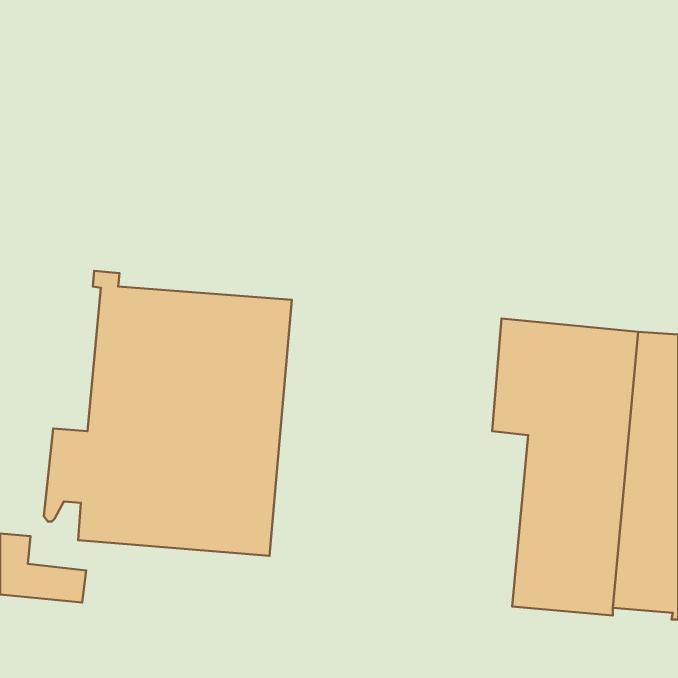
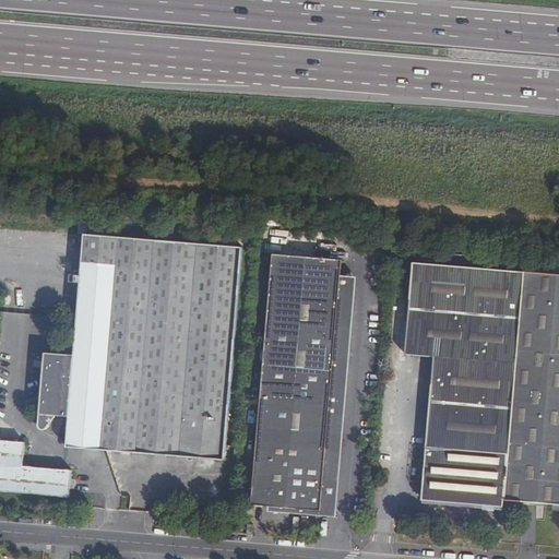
building: none -> [253,254,353,511]

